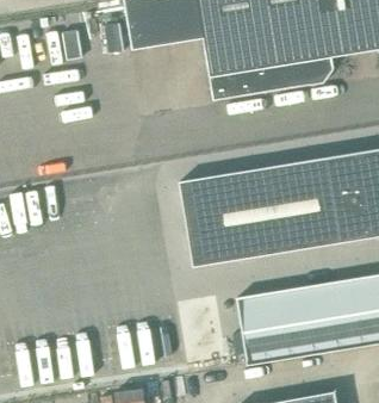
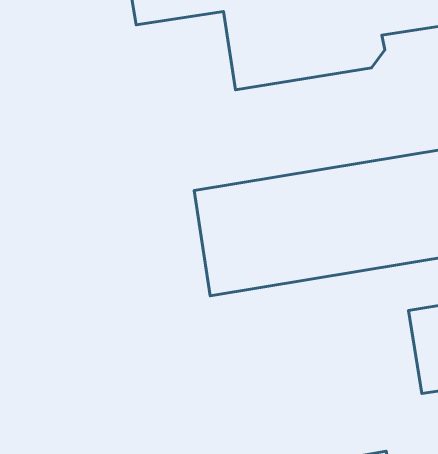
building: [237,278,364,364] -> none

